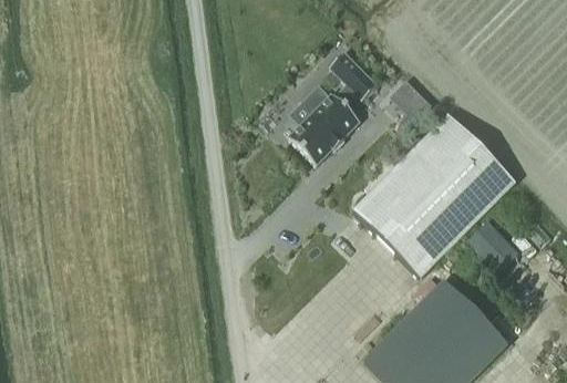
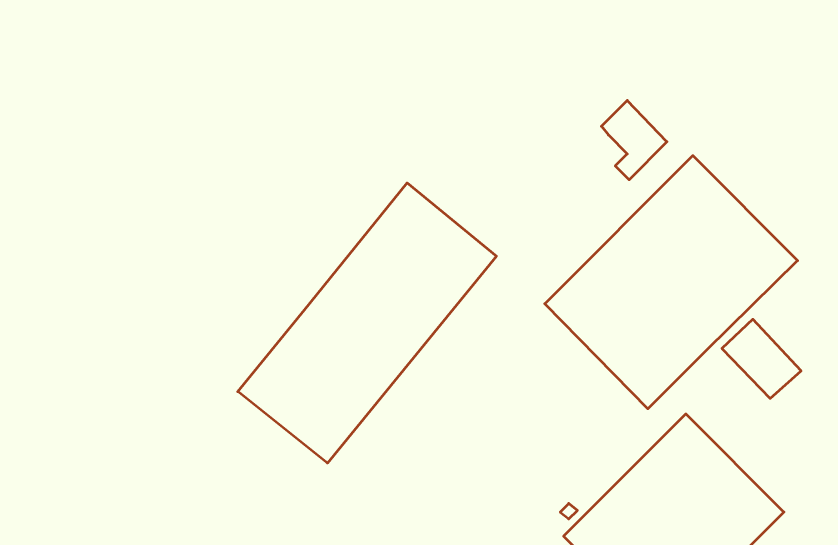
building: [288,51,377,164] -> none
building: none -> [238,183,496,463]

